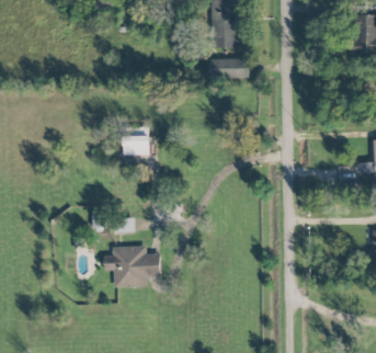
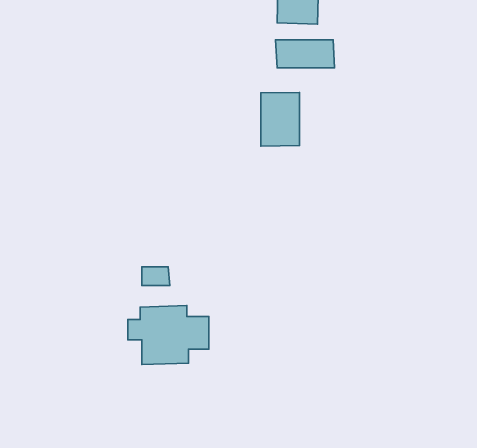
building: none -> [261,93,299,146]
building: [123,127,149,156] -> none

